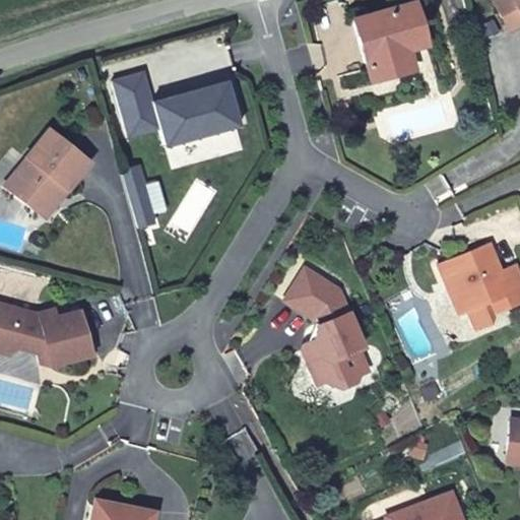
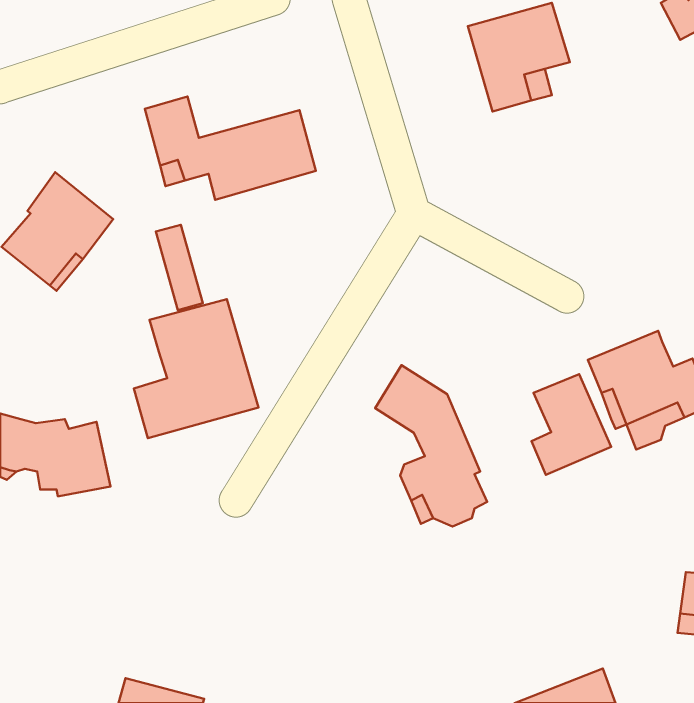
building: none -> [134,299,258,438]
building: none -> [531,374,611,475]

